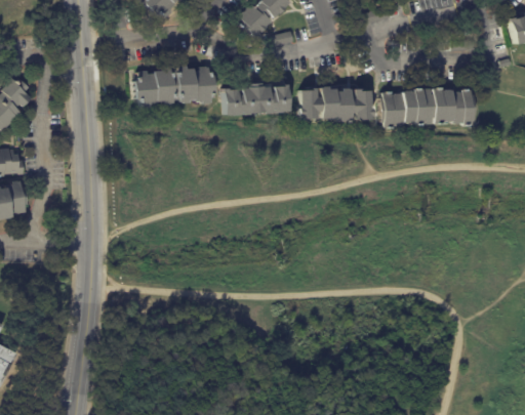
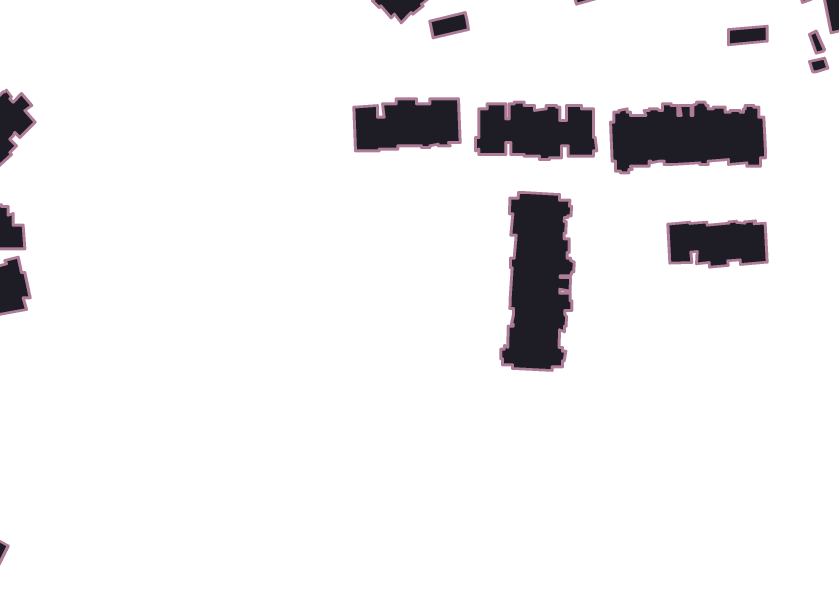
building: [135,66,215,109] -> none
building: none -> [501,192,574,371]
building: none -> [668,221,767,267]

